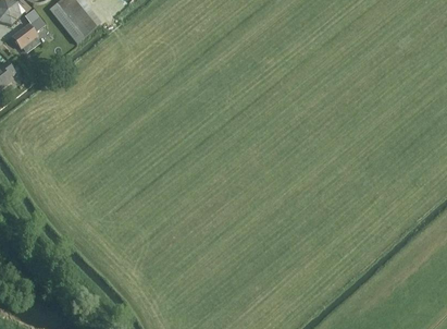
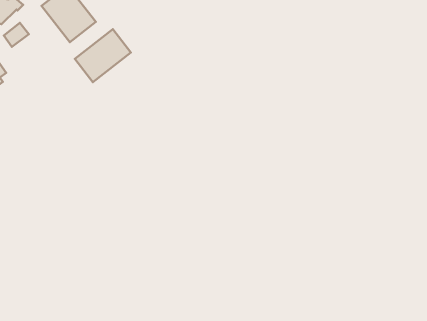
building: none -> [75,29,131,82]

